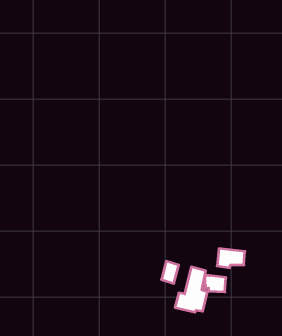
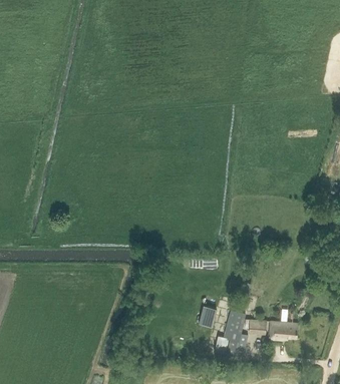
building: [217,249,245,268] -> [268,321,297,341]

